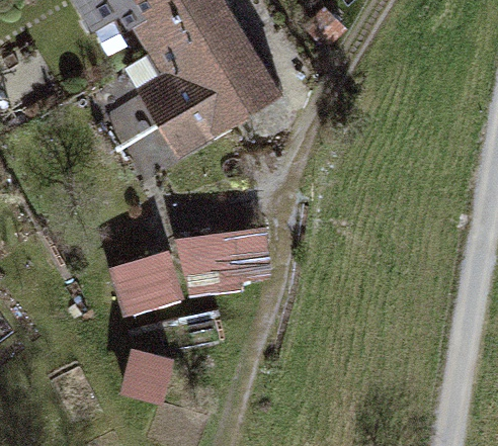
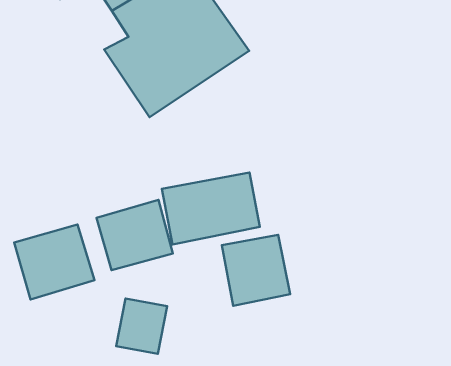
building: none -> [14,224,94,300]
building: none -> [222,235,290,306]

